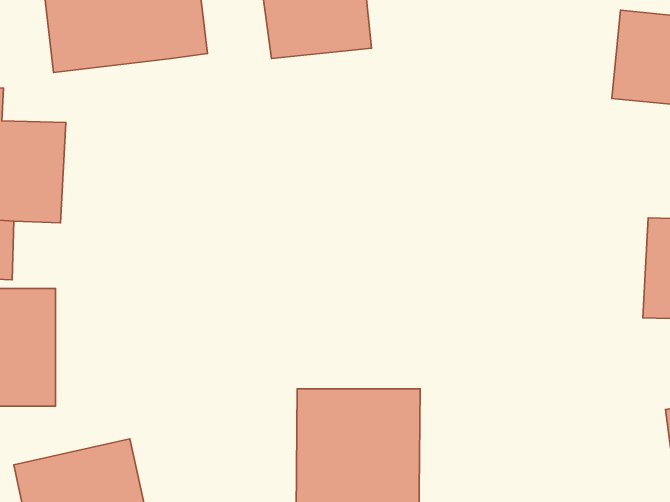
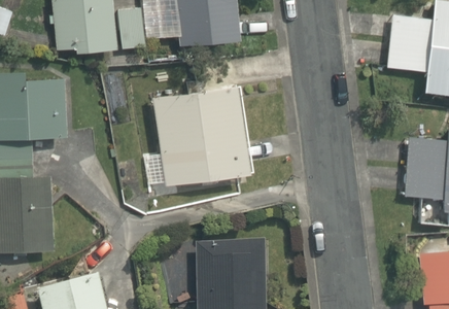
building: none -> [154,82,257,186]

